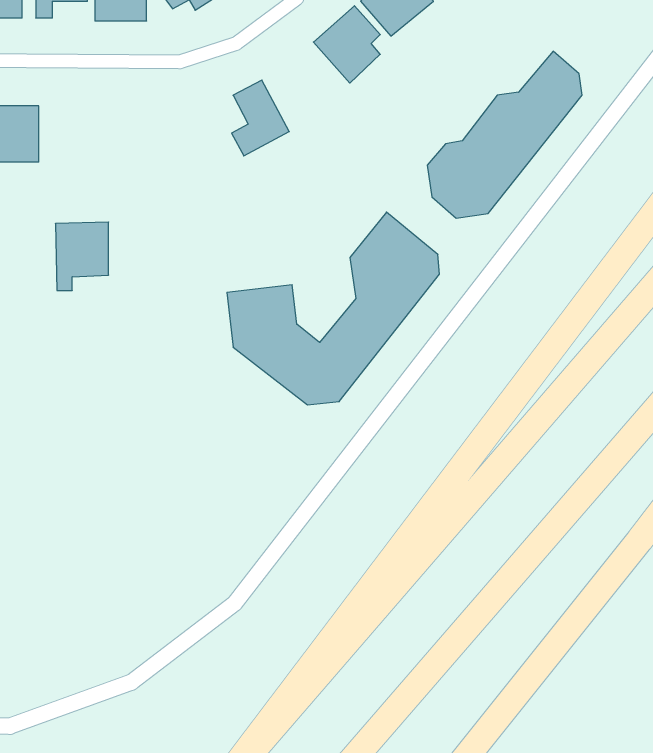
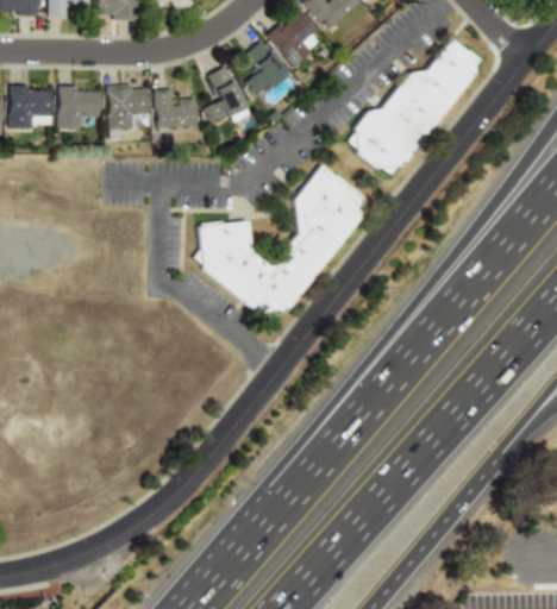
building: none -> [246,38,289,95]
building: none -> [57,83,101,127]
building: none -> [155,89,198,126]
building: [55,222,109,290] -> [107,82,149,136]

